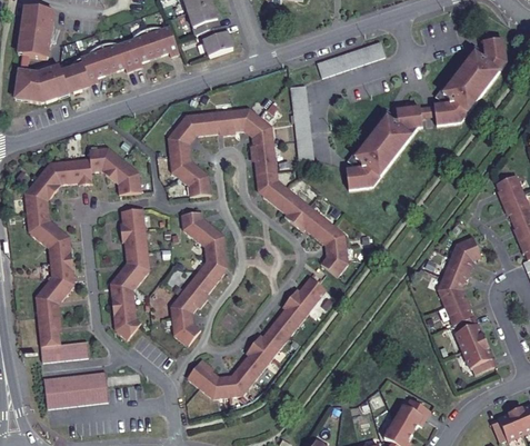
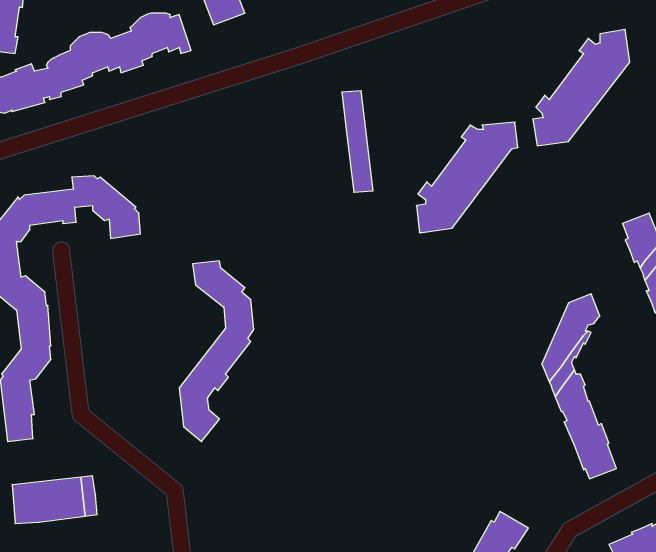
building: [201,26,231,57] -> none
building: [317,41,386,78] -> none
building: [167,108,348,277] -> none
building: [111,209,150,339] -> none
building: [186,277,326,398] -> none
building: [42,340,90,361] -> none

